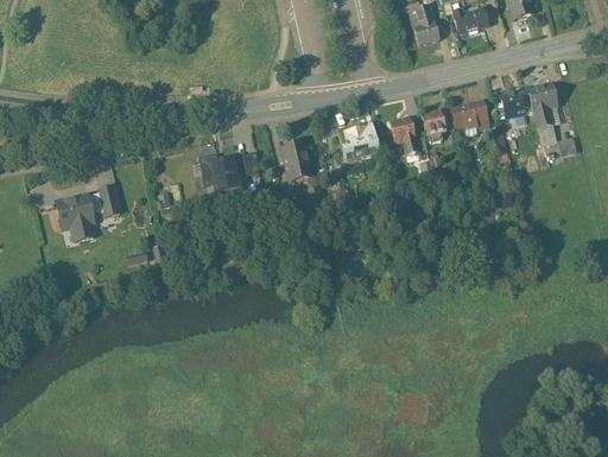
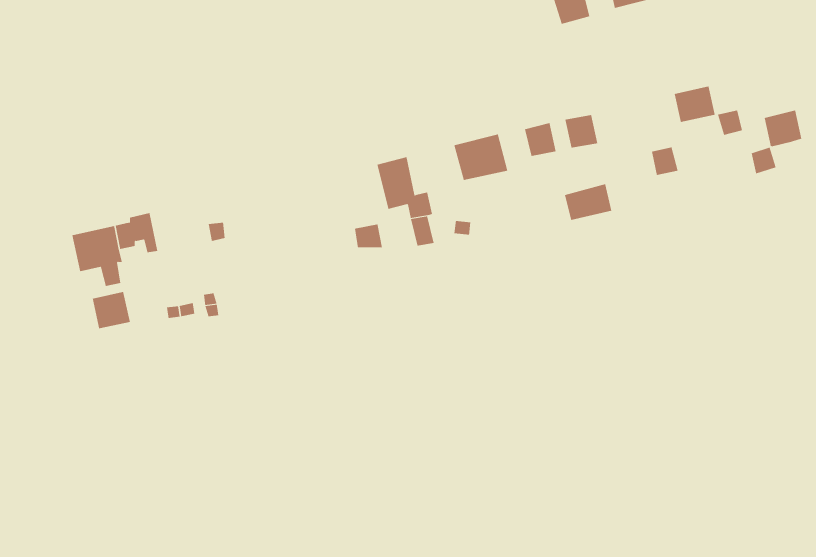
building: [527,84,556,112] -> [764,110,802,147]
building: [450,101,486,128] -> [564,184,612,220]
building: [201,155,245,193] -> none
building: none -> [92,291,130,329]

